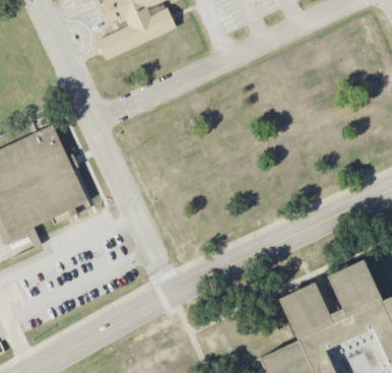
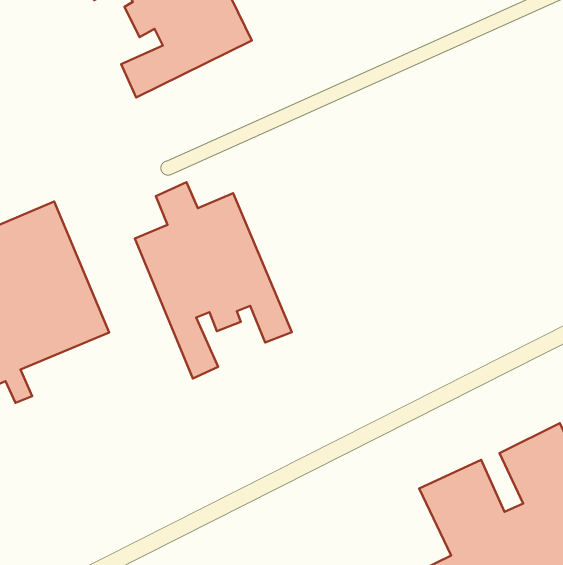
building: none -> [135,182,292,379]

